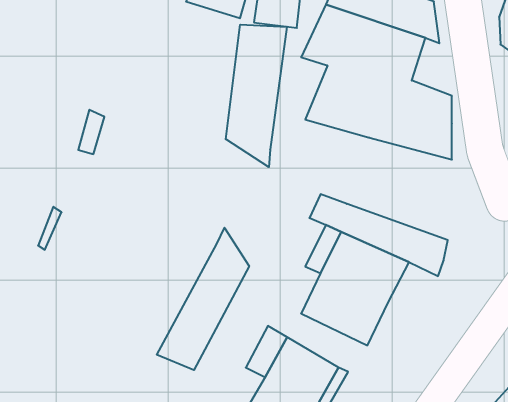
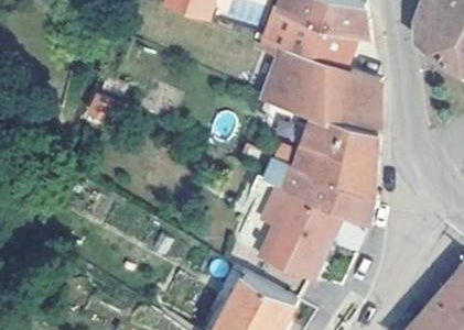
building: [226,25,287,167] -> none
building: none -> [294,114,378,196]
building: [157,228,249,370] -> none

